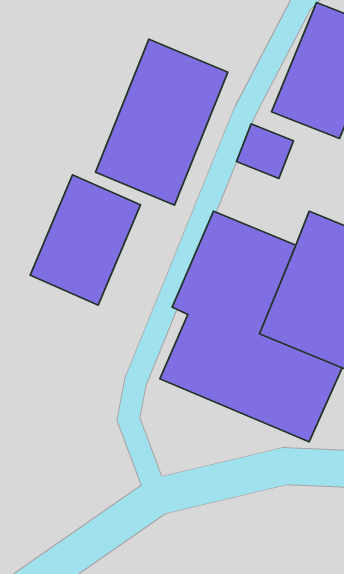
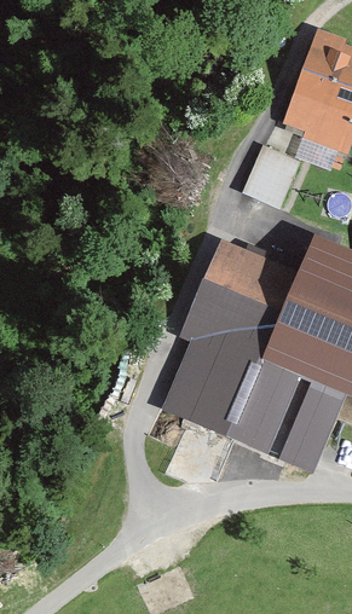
building: [96,39,228,205] -> none
building: [30,175,140,305] -> none

